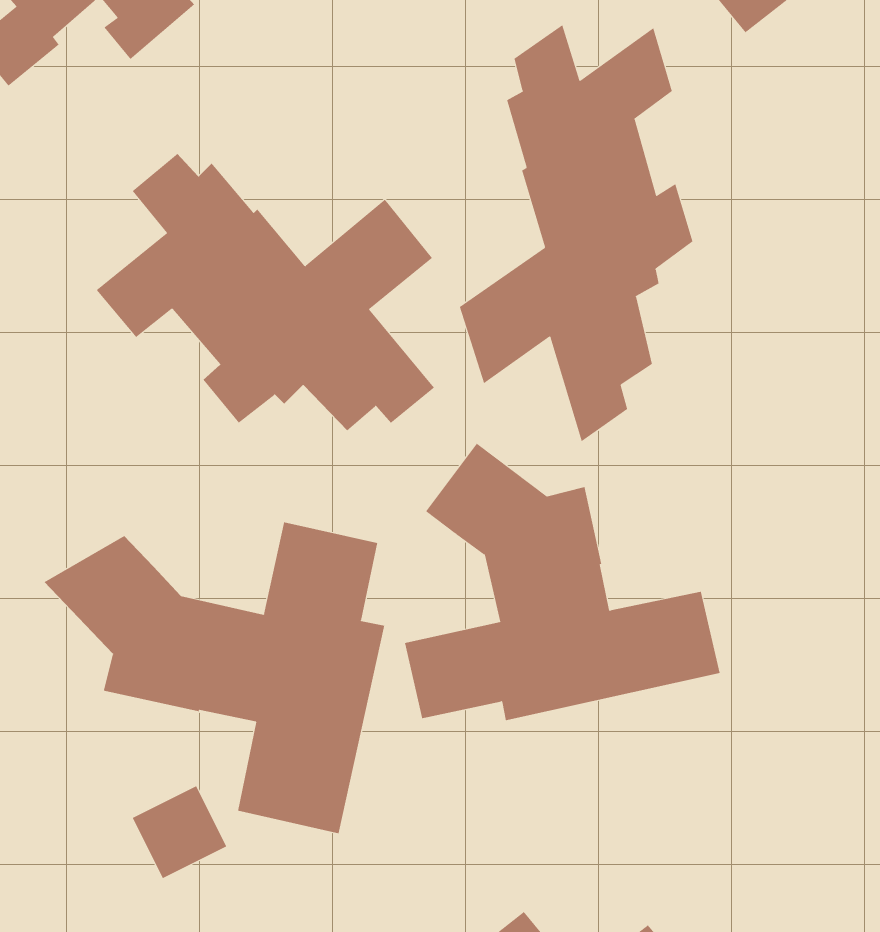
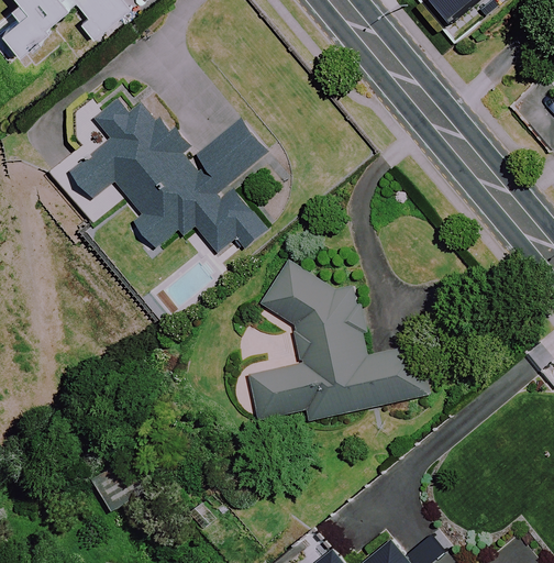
building: [459,24,693,442] -> none
building: [43,522,385,834] -> none

